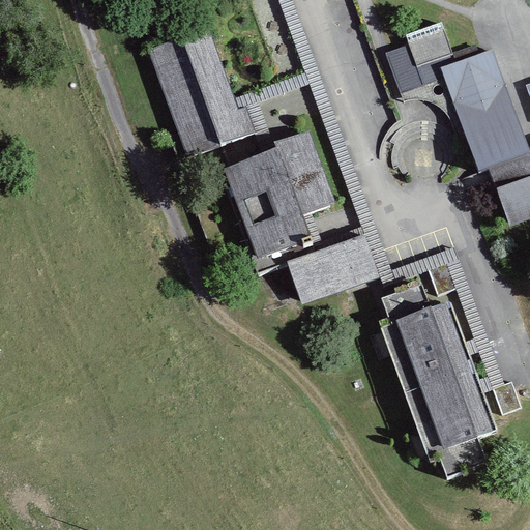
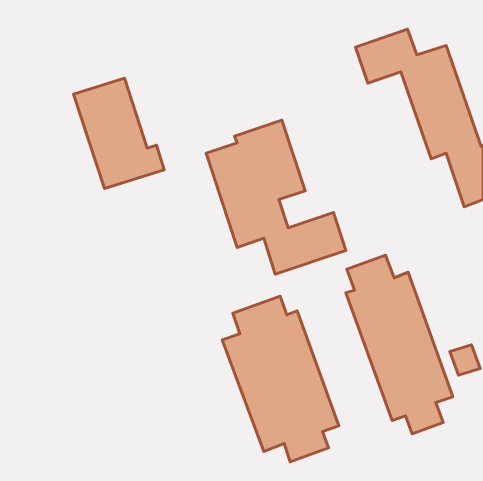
building: [155,34,255,155] -> [73,78,164,189]
building: none -> [222,296,339,462]

